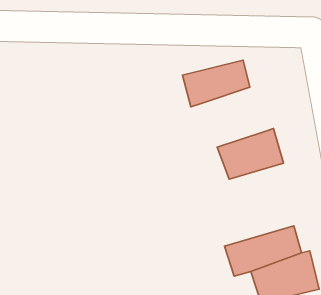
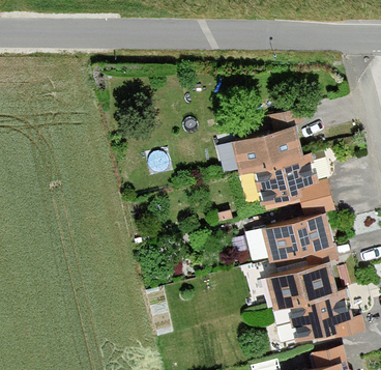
building: [182,60,250,107] -> [227,125,301,177]
building: none -> [263,212,338,268]

